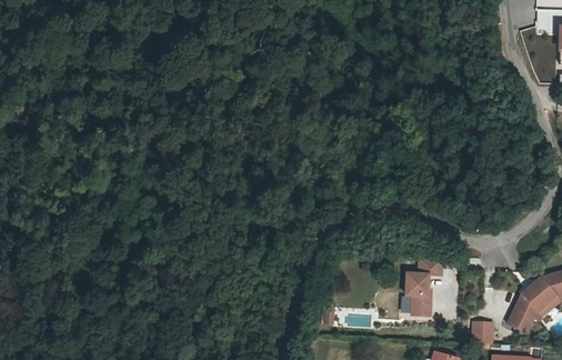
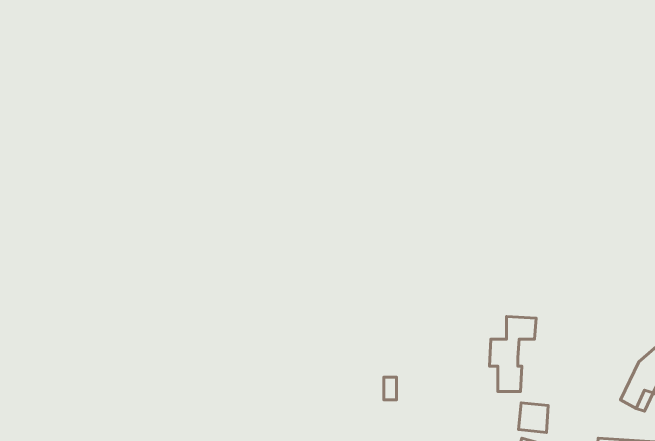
building: [470,319,493,342] -> [518,403,548,432]

